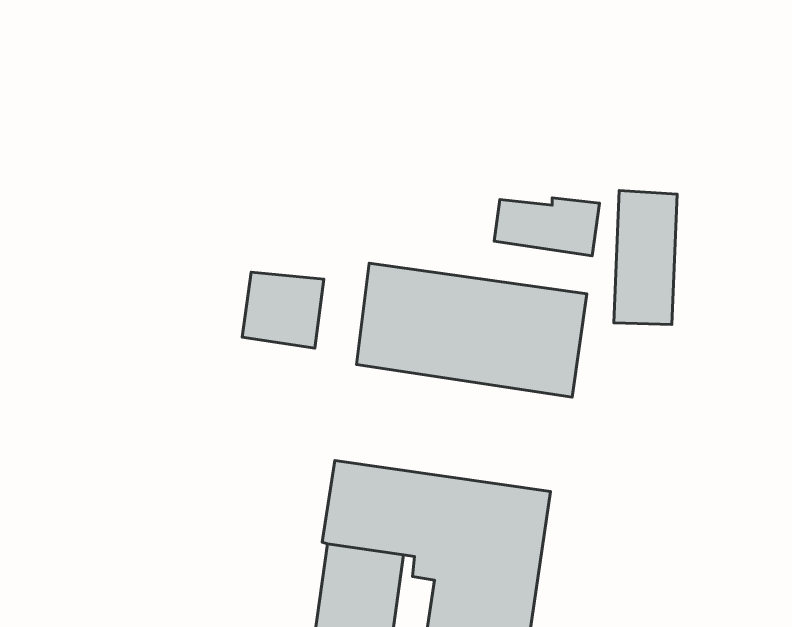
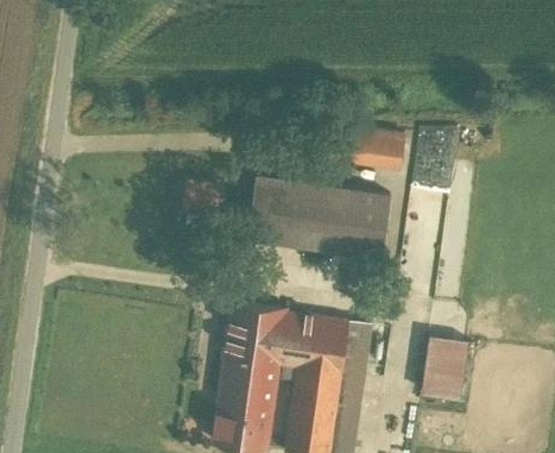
building: none -> [420,334,473,404]

